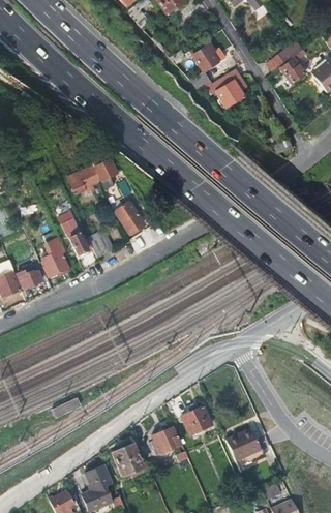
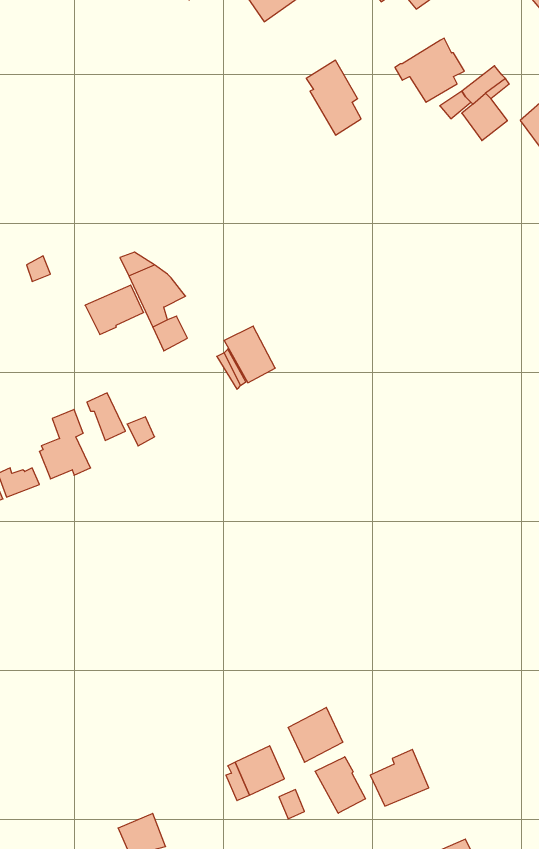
building: [208,69,247,105] -> [395,38,464,102]
building: [116,201,145,233] -> [224,326,275,383]
building: none -> [315,757,365,813]
building: [112,444,142,472] -> none

